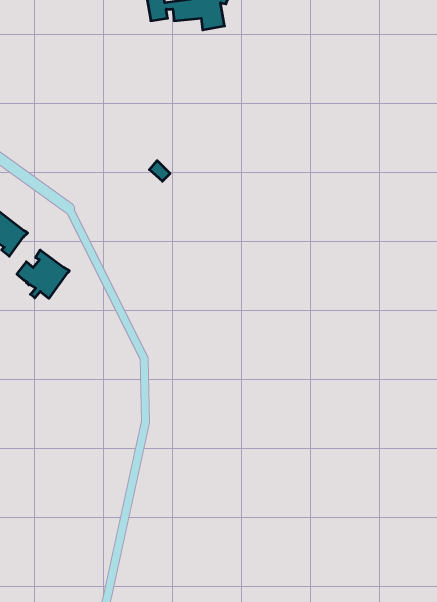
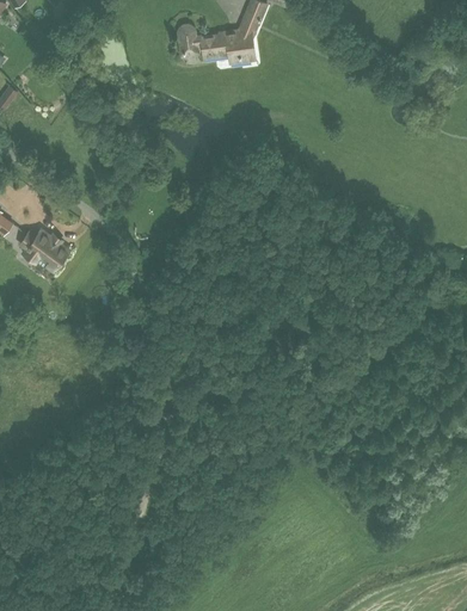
building: [17,250,69,298] -> none

